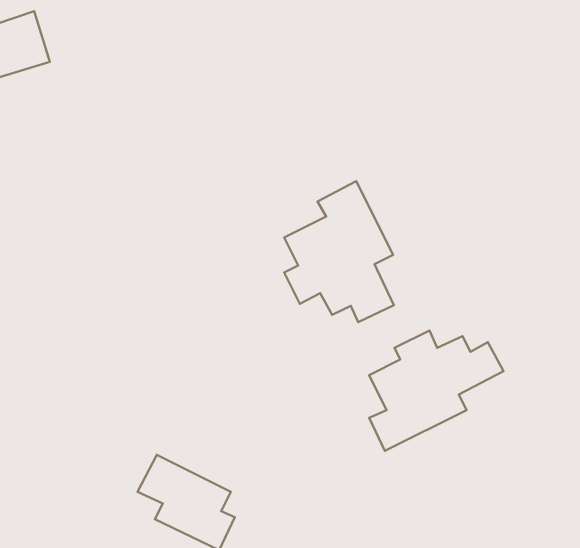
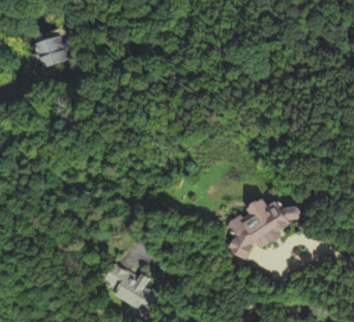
building: [284,181,394,322] -> none

